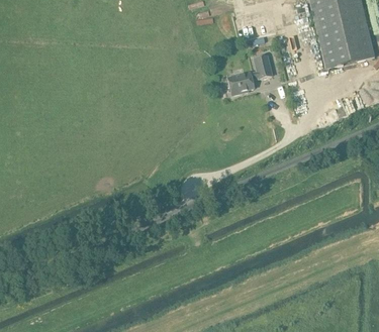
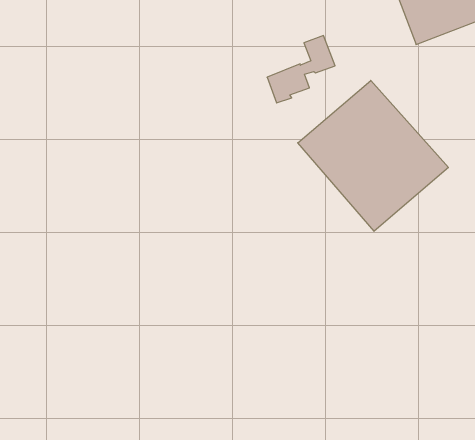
building: none -> [298,80,448,231]

